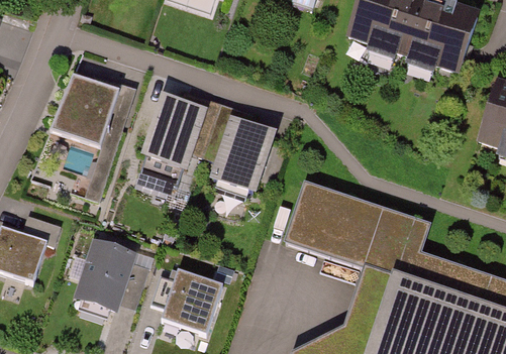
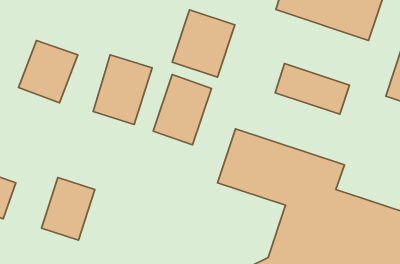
building: none -> [172,10,235,77]
building: none -> [275,63,349,114]
building: [164,266,230,331] -> none

